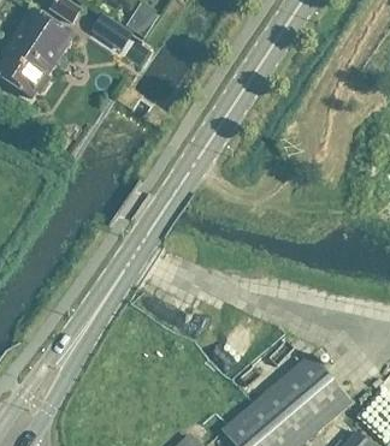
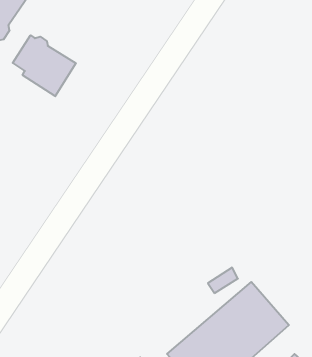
building: none -> [13,35,76,96]

